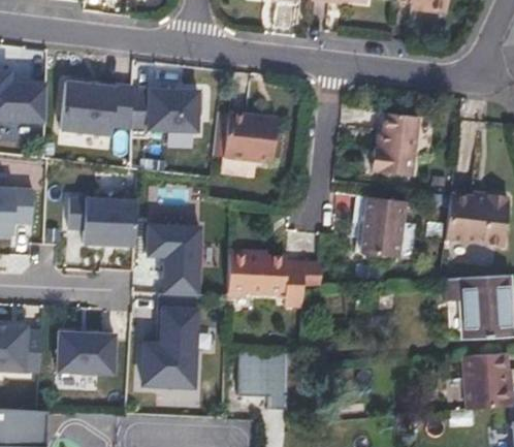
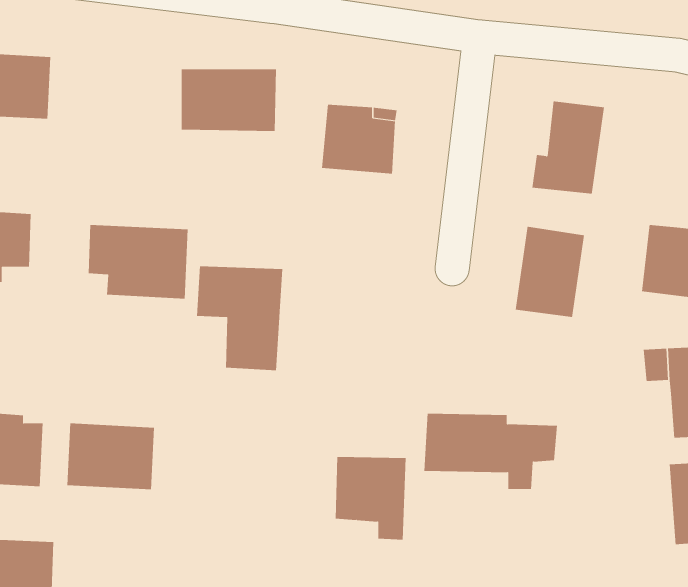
building: [58,82,133,135] -> none
building: [230,256,321,308] -> [424,413,558,489]
building: [139,302,203,390] -> none

